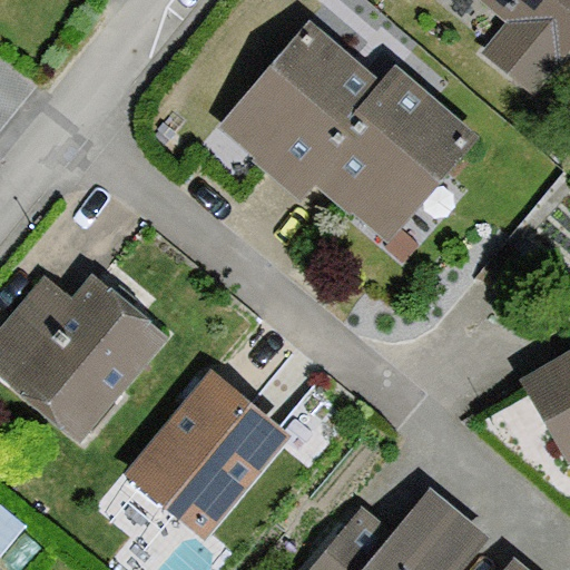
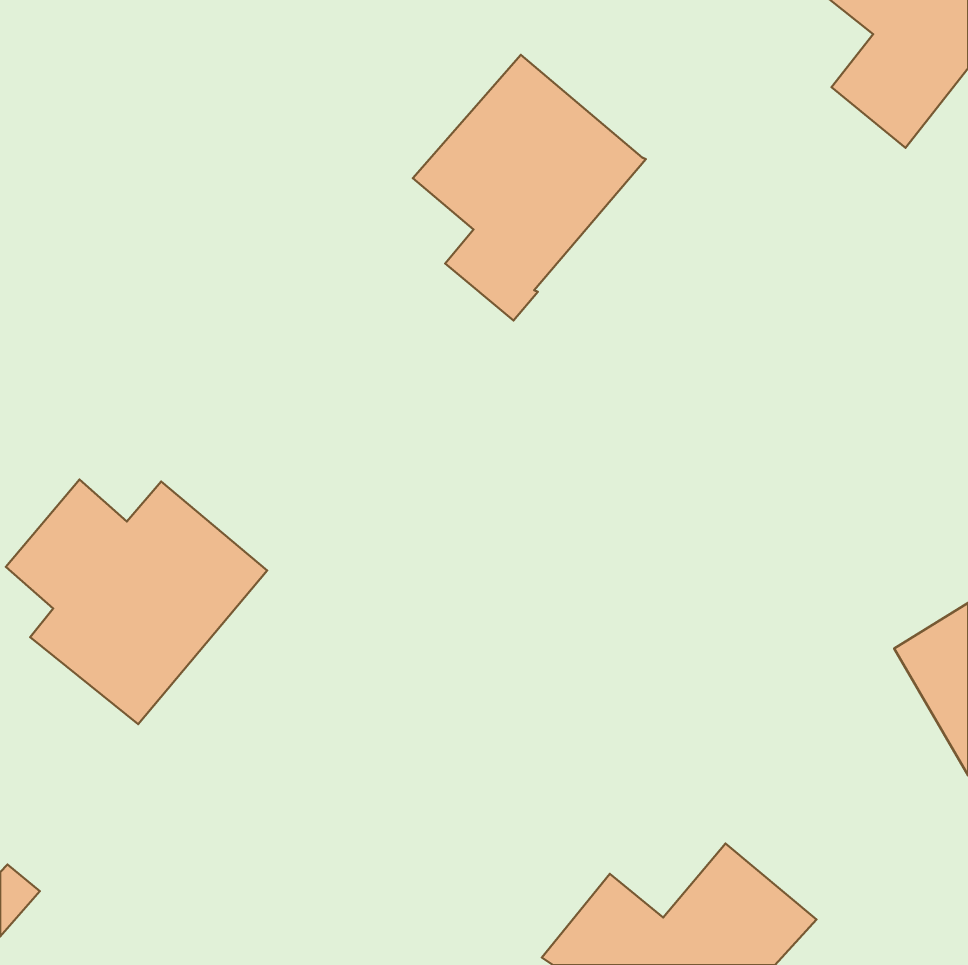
building: [314,76,468,214] -> none
building: [129,382,276,524] -> none

